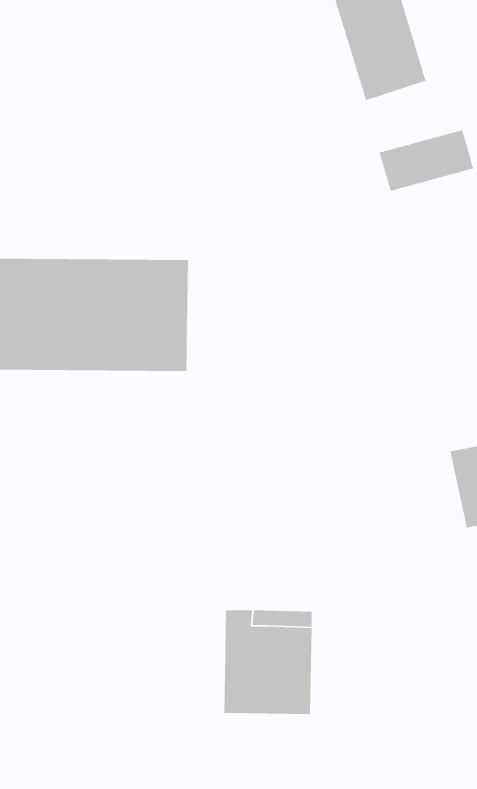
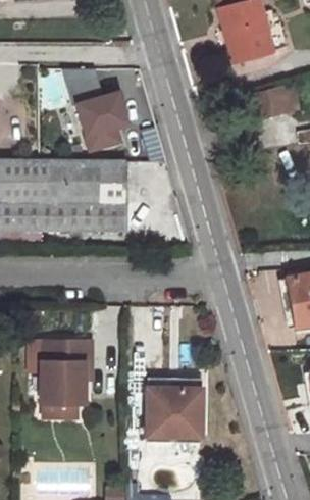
building: none -> [66,64,130,152]
building: none -> [41,341,92,403]

